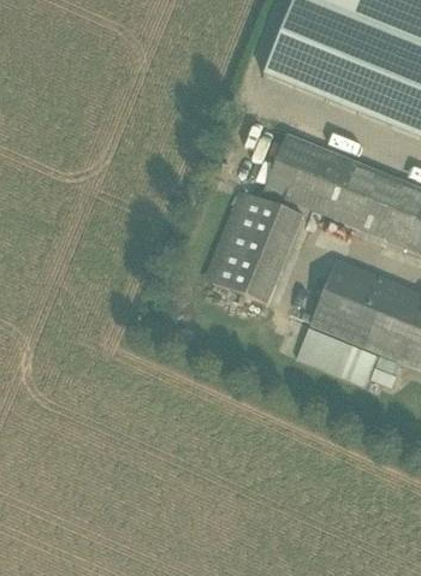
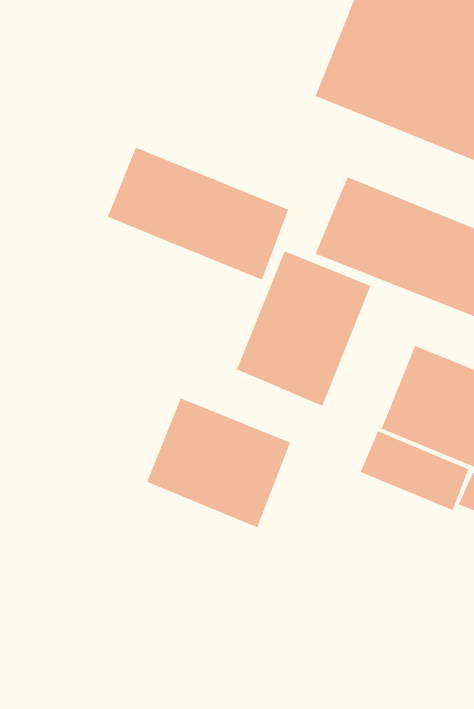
building: none -> [107,147,289,280]
building: none -> [146,397,291,528]

